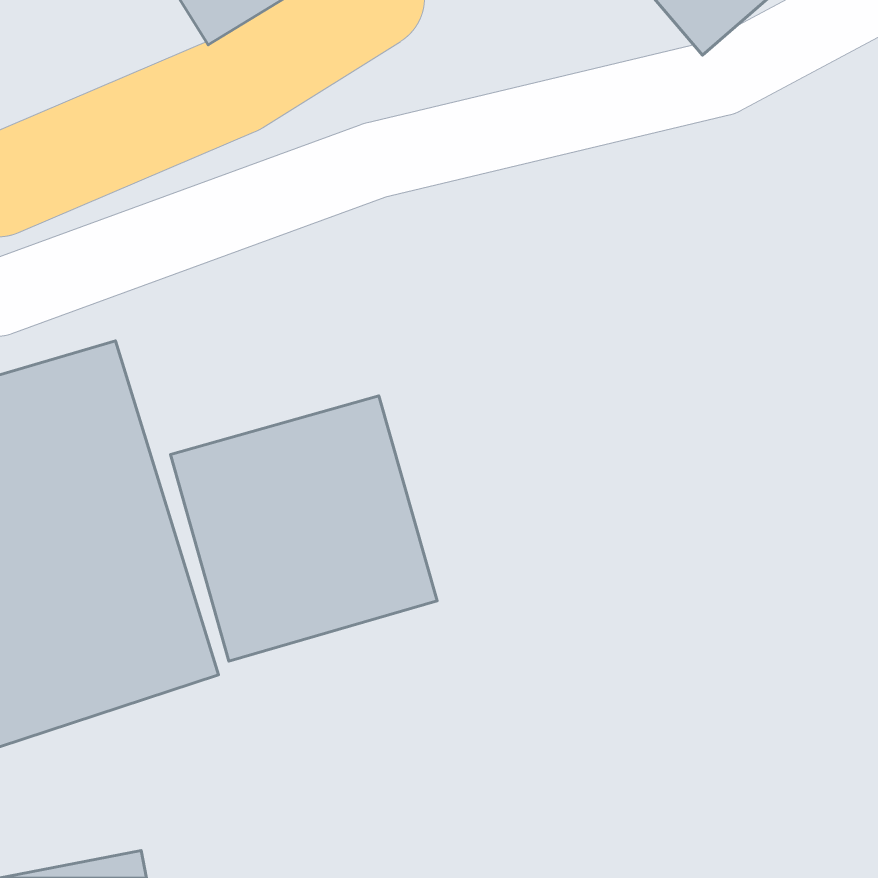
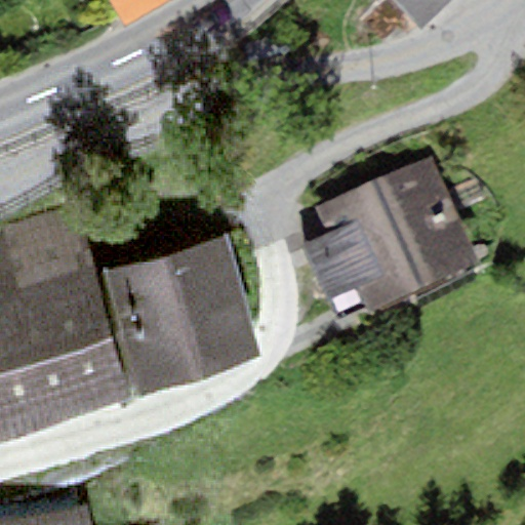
building: none -> [300,155,479,315]

